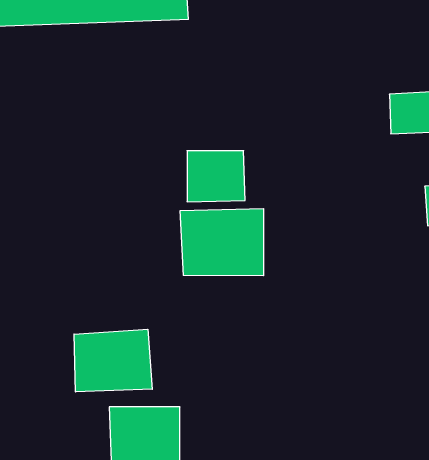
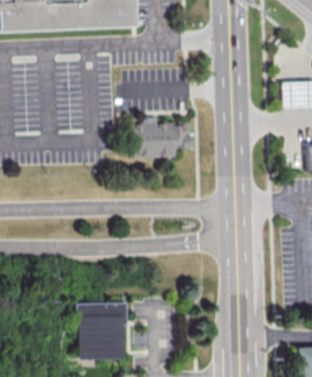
building: [180,209,263,276] -> none
building: [74,329,152,392] -> none

